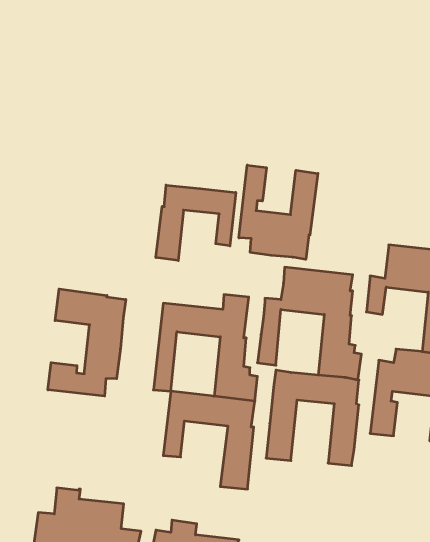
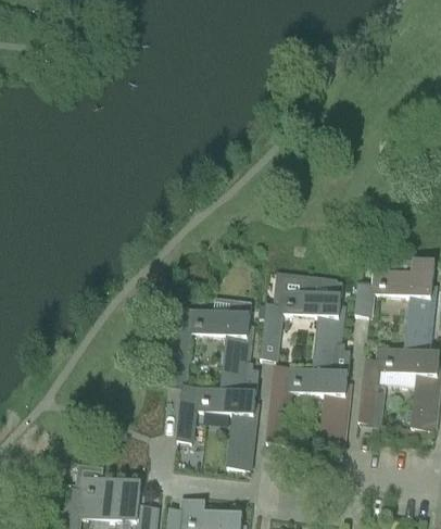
building: [239,165,318,259] -> none
building: [156,185,236,261] -> none
building: [48,289,126,396] -> none

